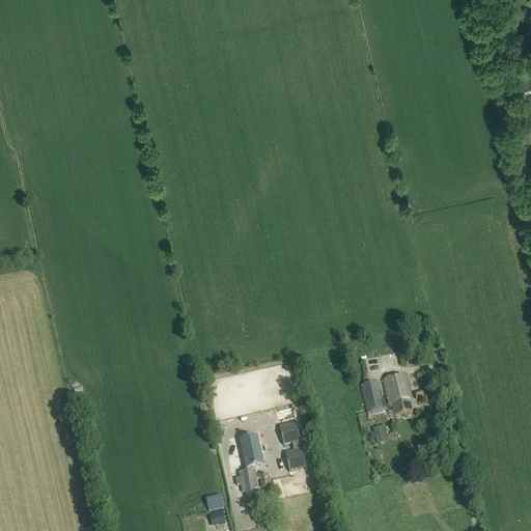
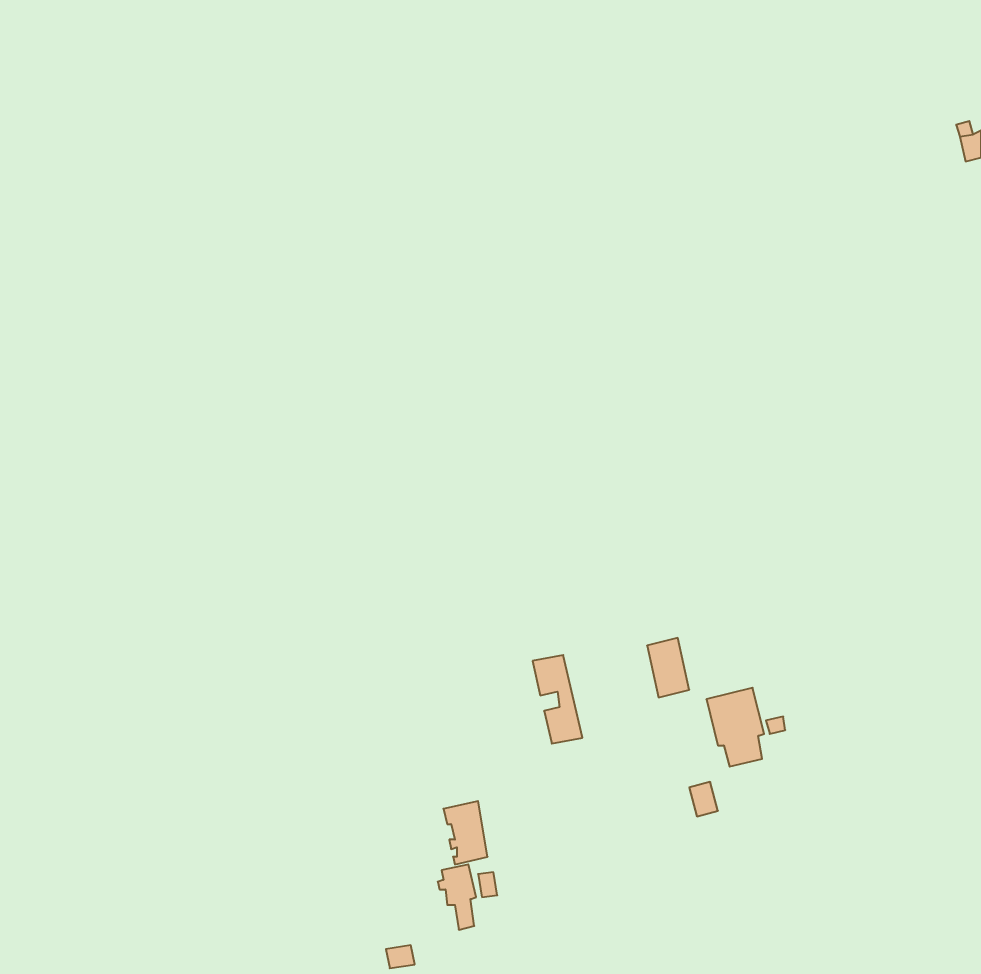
building: [360,379,383,411] -> [647,638,689,697]
building: [279,420,306,468] -> [533,655,582,744]

